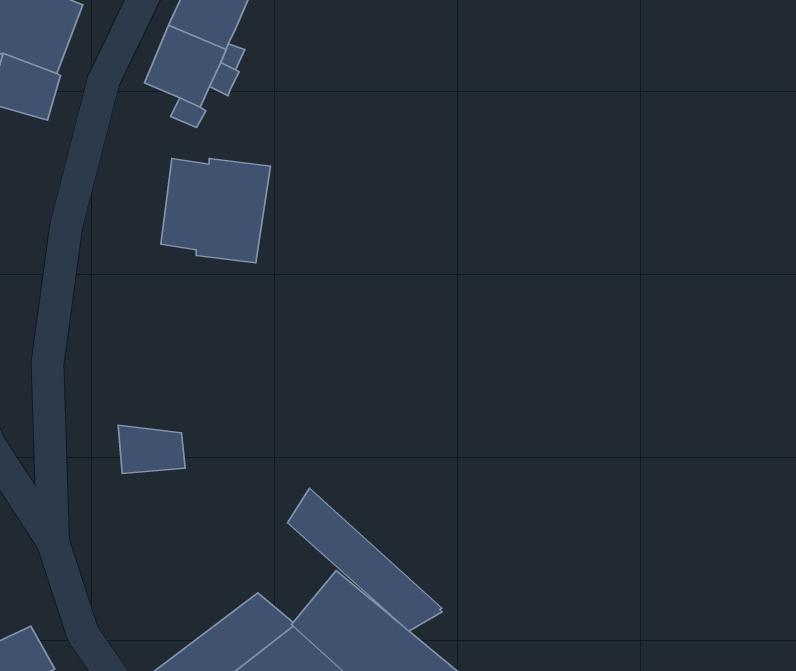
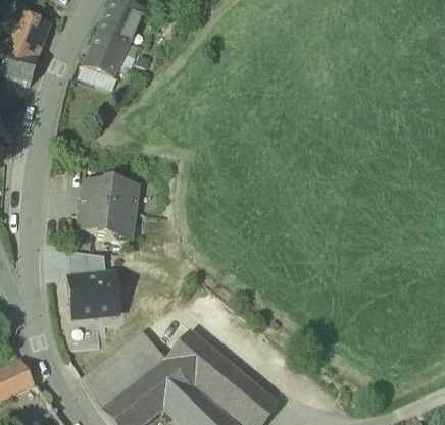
building: [161,159,271,263] -> [78,181,138,238]
building: none -> [69,272,117,315]
building: [287,488,442,631] -> none

